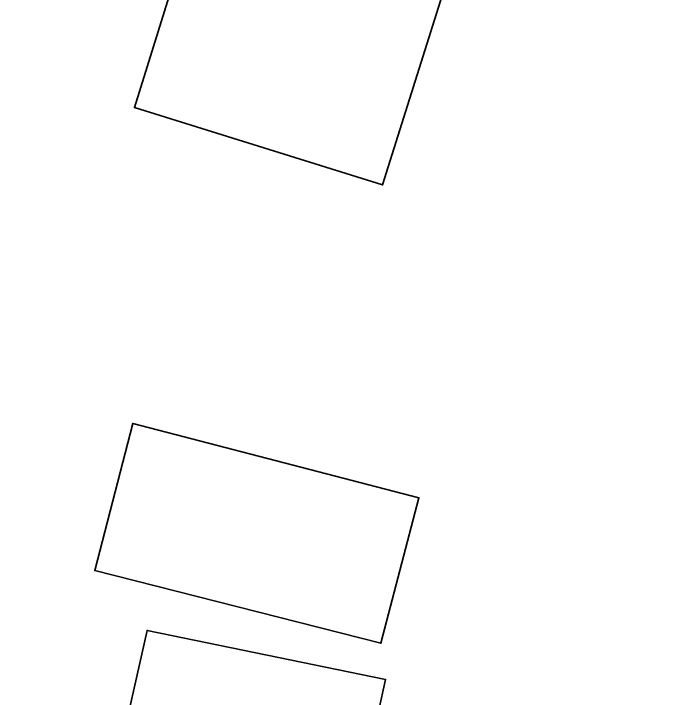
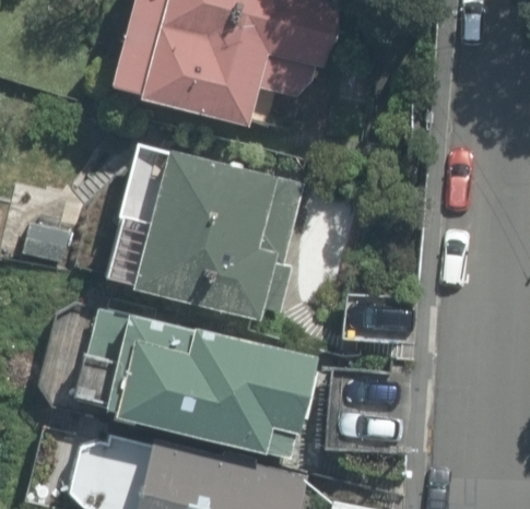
building: none -> [120,151,288,316]

